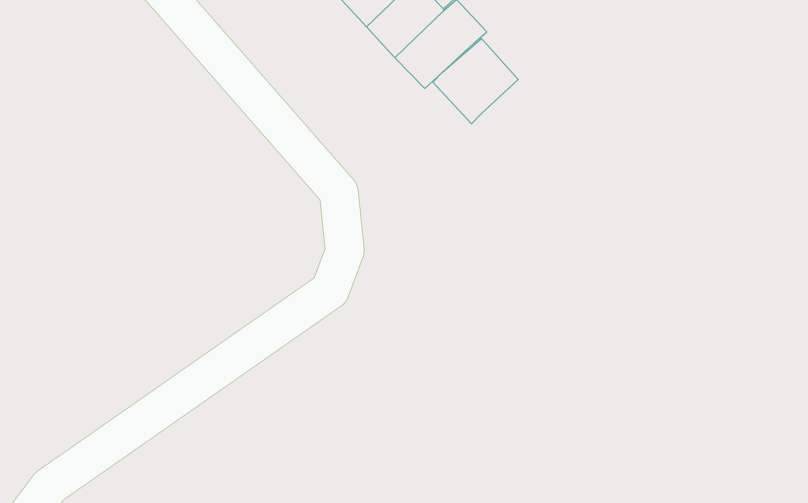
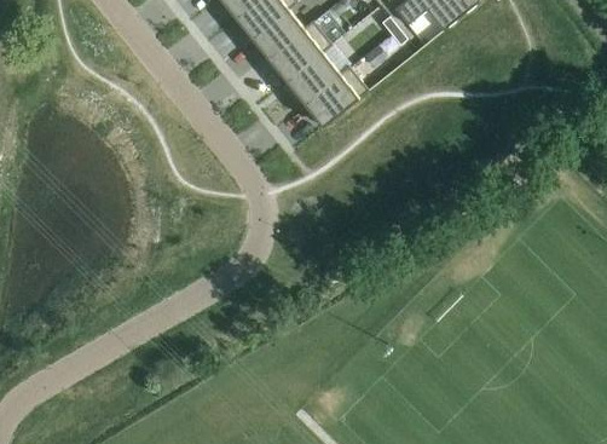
building: [433,38,518,124] -> none

